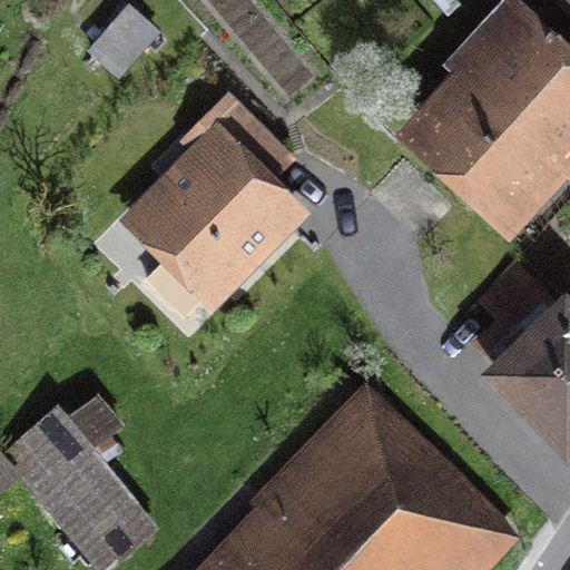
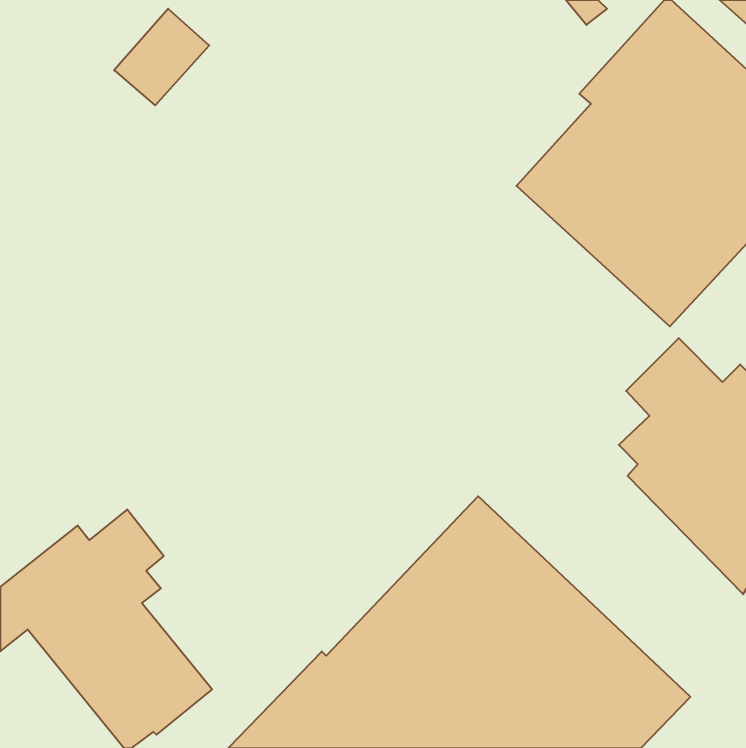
building: [117,96,312,323] -> none

